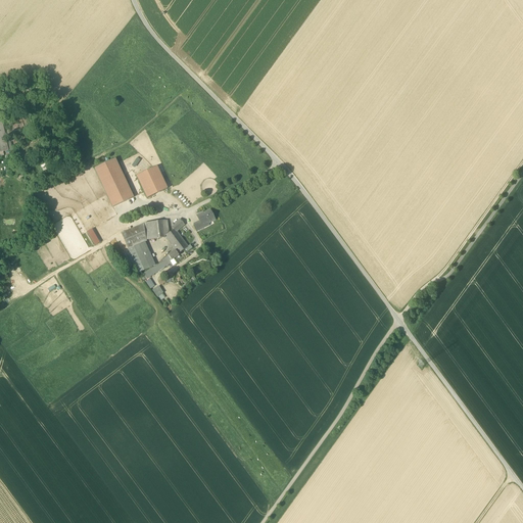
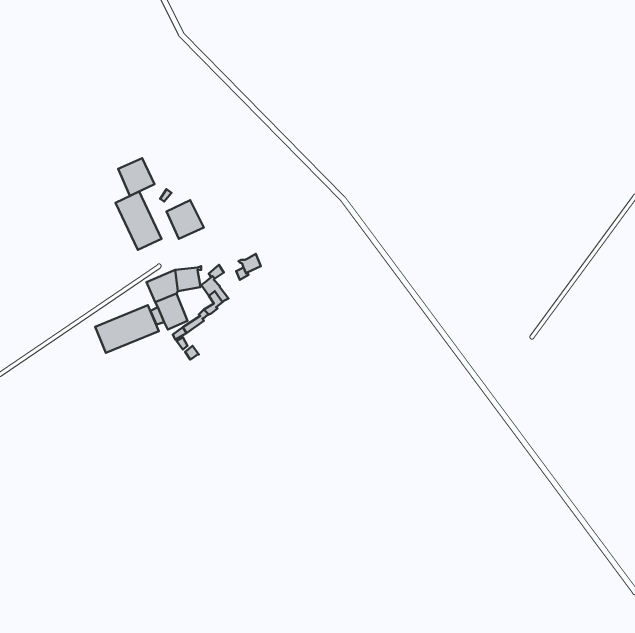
building: none -> [118,158,154,196]
building: none -> [95,305,159,353]

